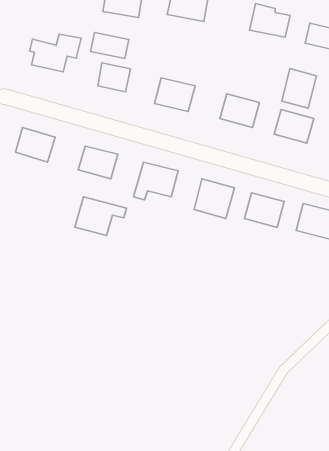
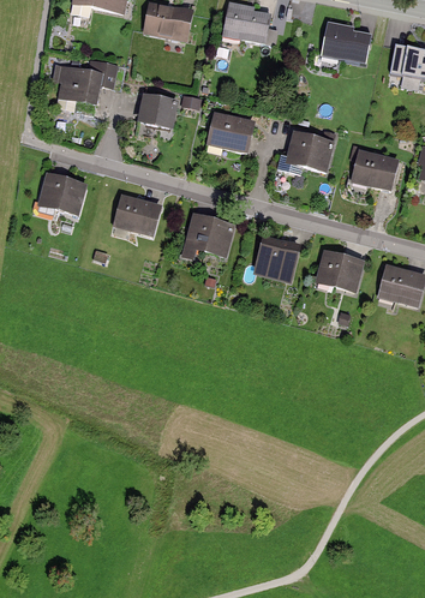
building: [90,33,129,59] -> none
building: [282,69,316,108] -> none
building: [75,197,126,236] -> none

